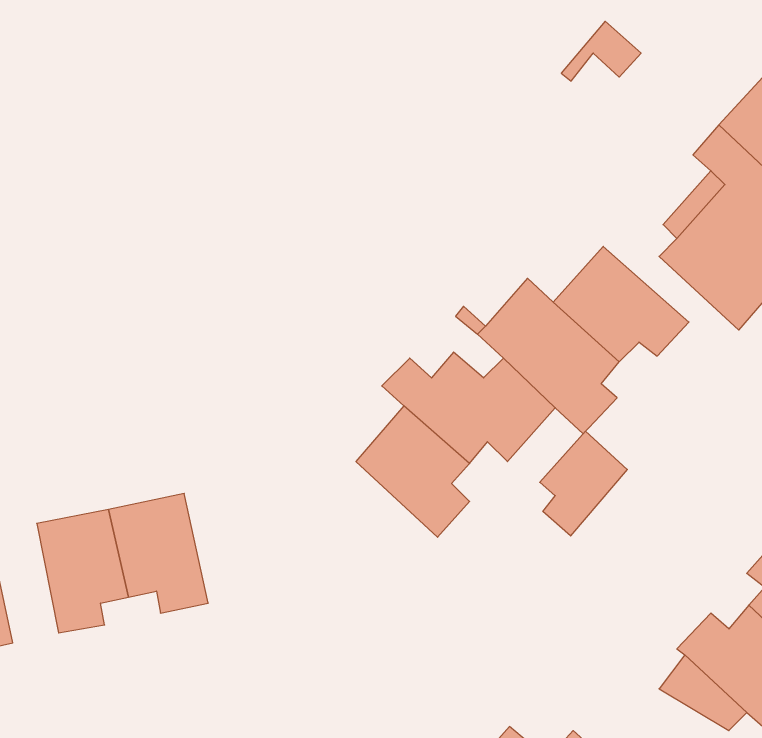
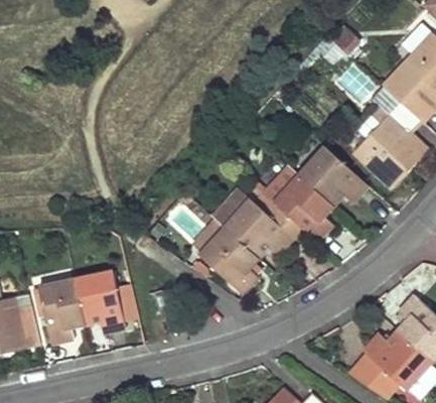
building: [540,431,627,536] -> none

